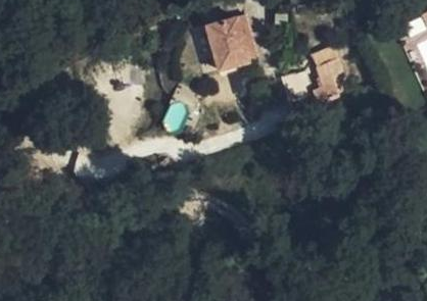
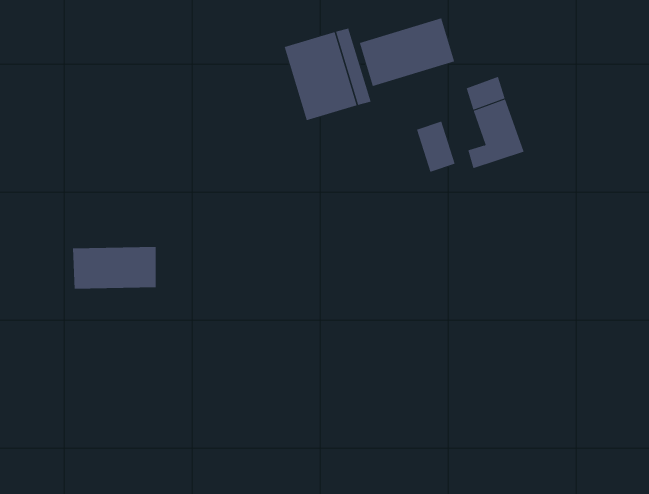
building: none -> [359,18,455,87]

